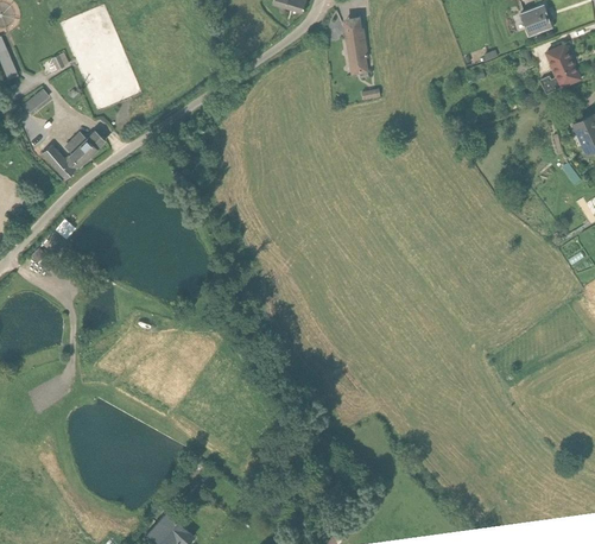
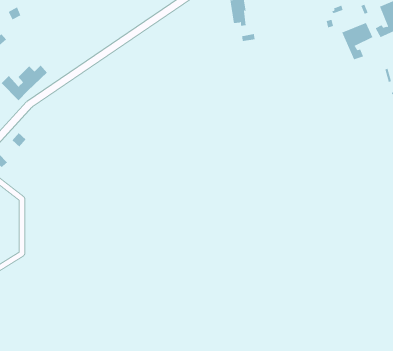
building: none -> [341,22,373,60]

